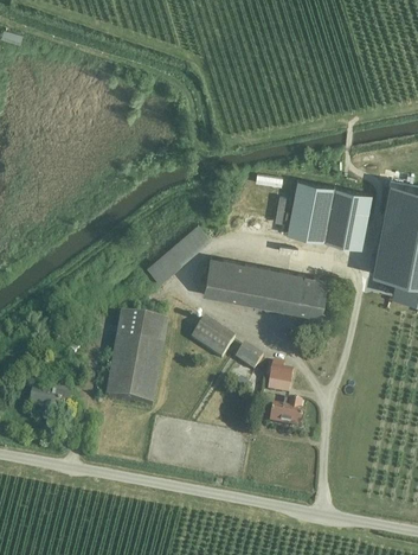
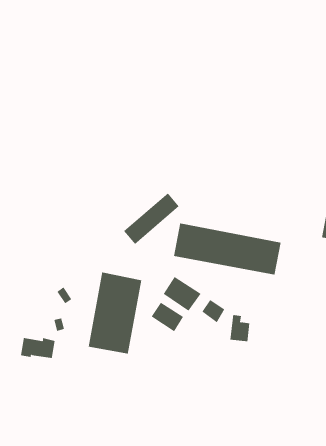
building: [287,180,372,249] -> none
building: none -> [151,302,184,332]
building: [270,401,303,428] -> none

